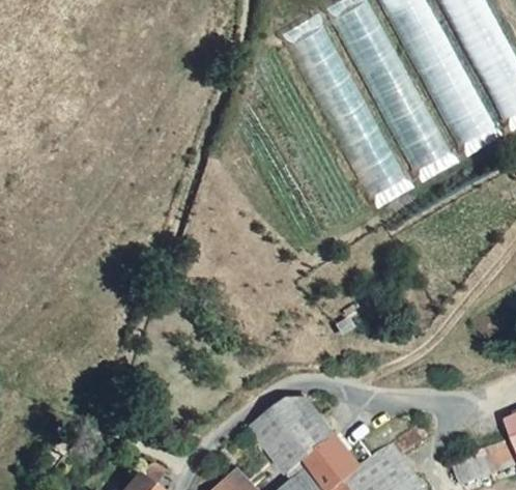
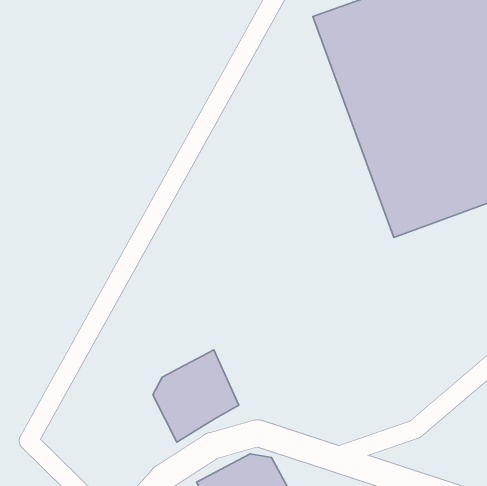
building: none -> [153,350,239,442]

